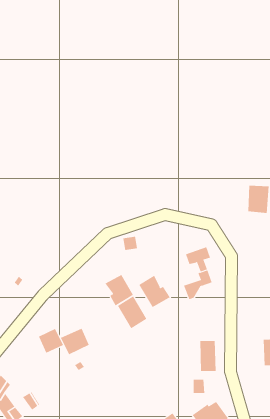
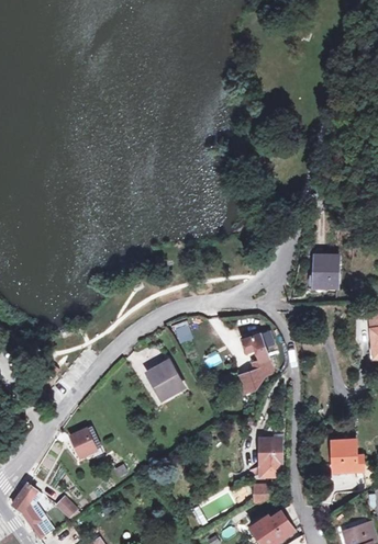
building: [139,275,170,308] -> none
building: [117,295,147,329] -> none
building: [60,328,89,355] -> none

